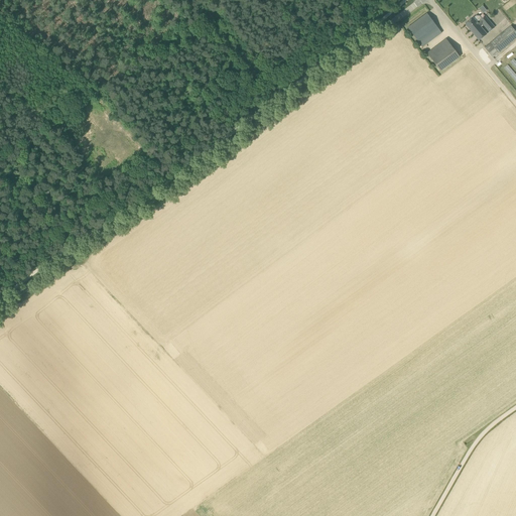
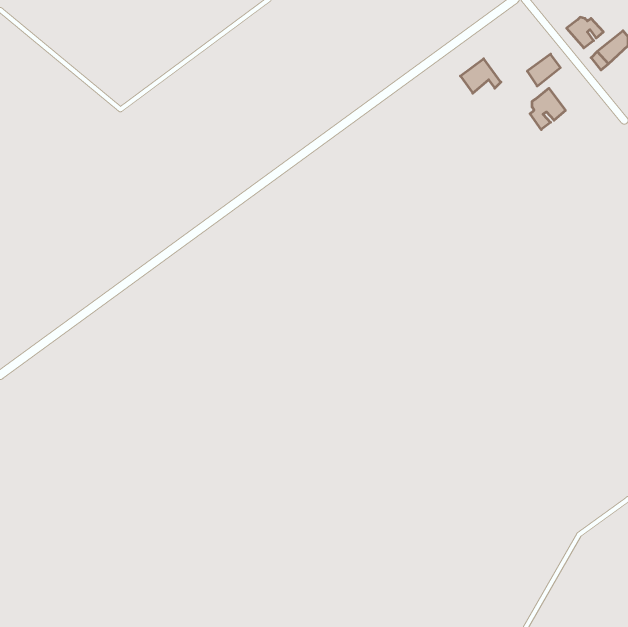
building: [408,12,441,40] -> [460,59,501,93]
building: none -> [530,88,565,130]

